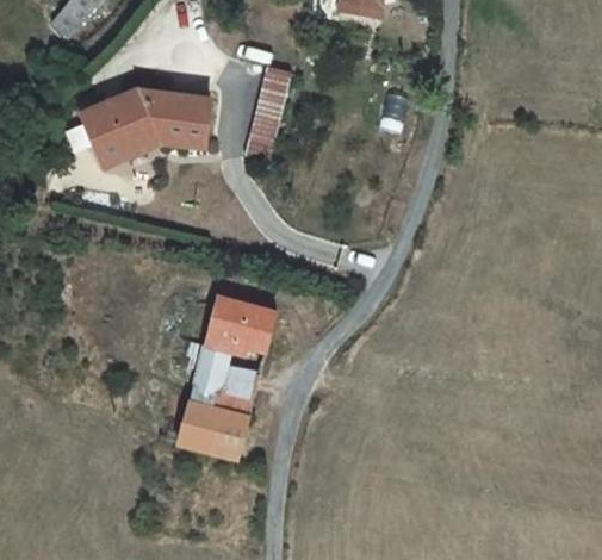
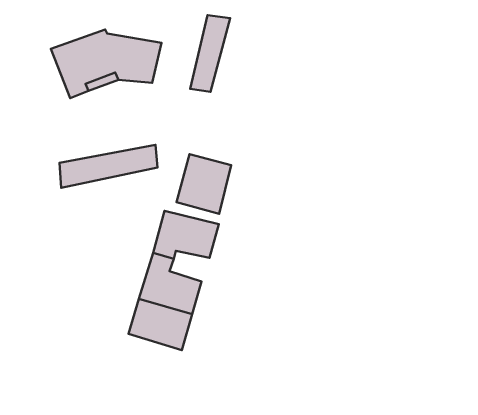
building: none -> [59,145,157,188]
building: none -> [176,154,231,214]

